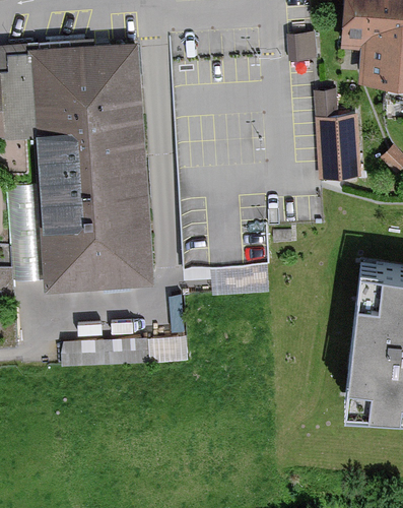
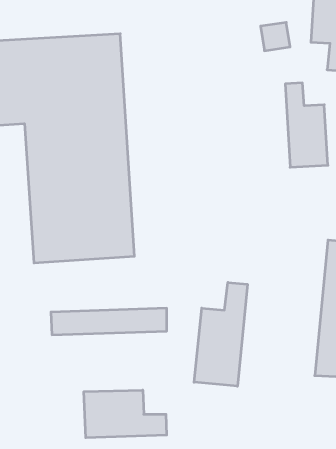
building: none -> [194,282,247,386]
building: none -> [84,390,167,438]

